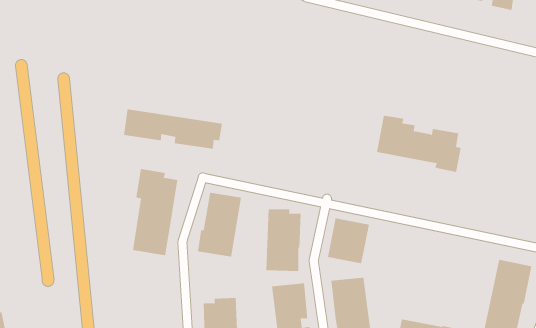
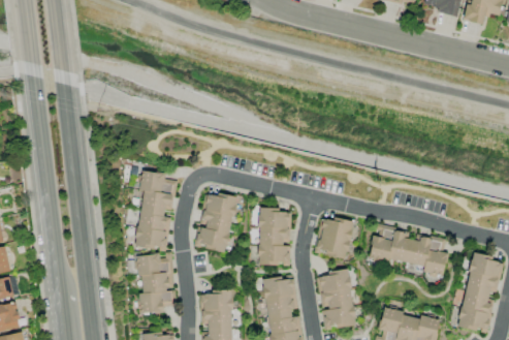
building: [123,108,222,150] -> none
building: [376,115,461,172] -> [369,223,447,276]
building: none -> [137,252,176,313]

